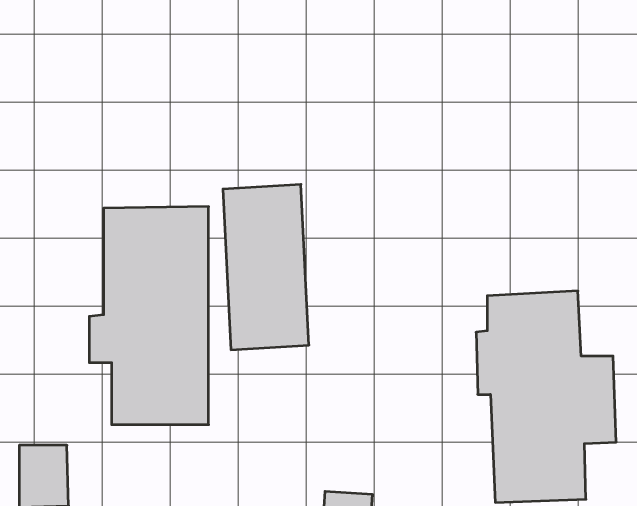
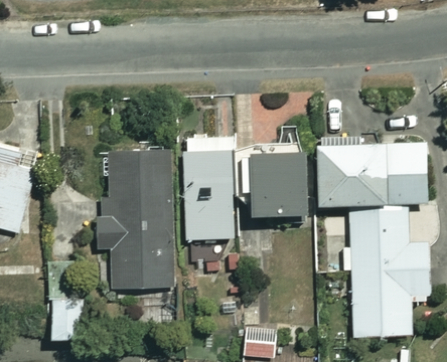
building: none -> [320,144,429,206]
building: none -> [249,153,311,216]

